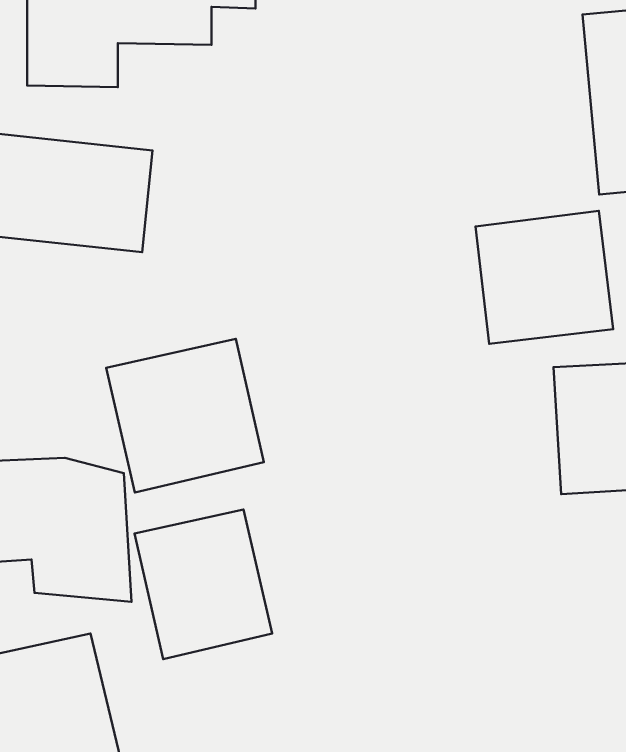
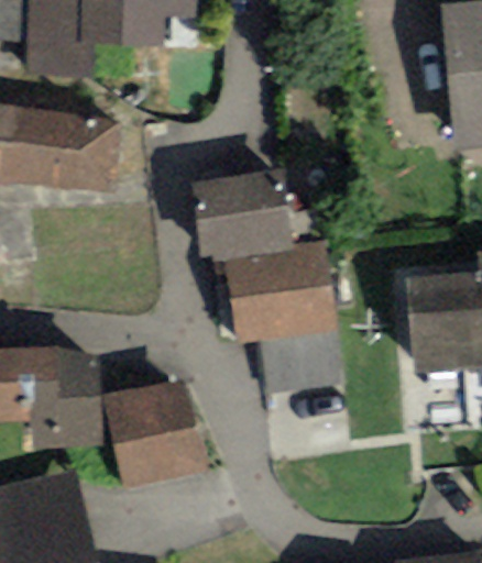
building: [475,211,613,344] -> none
building: none -> [191,174,337,342]
building: [106,339,264,492] -> none

